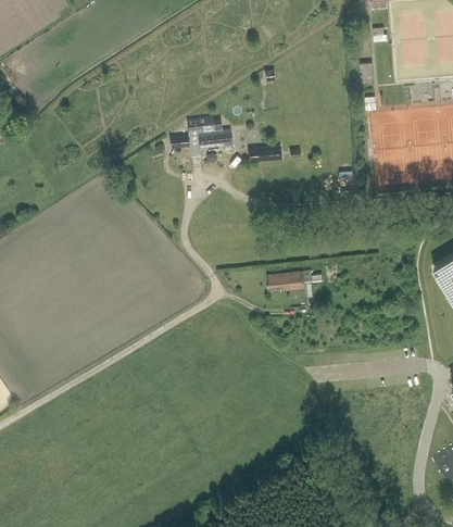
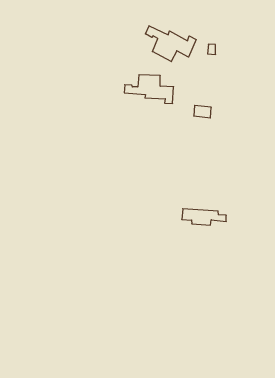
building: none -> [145,26,196,62]

